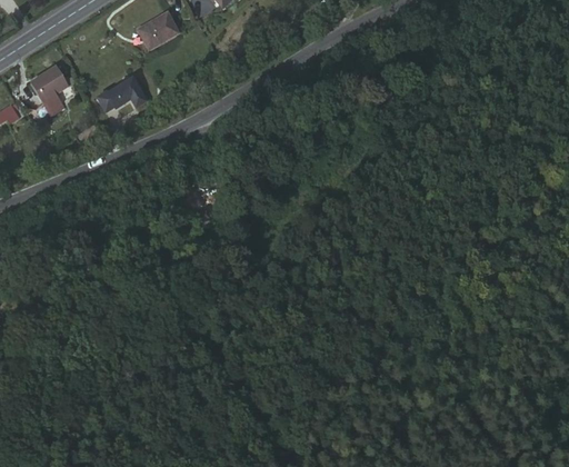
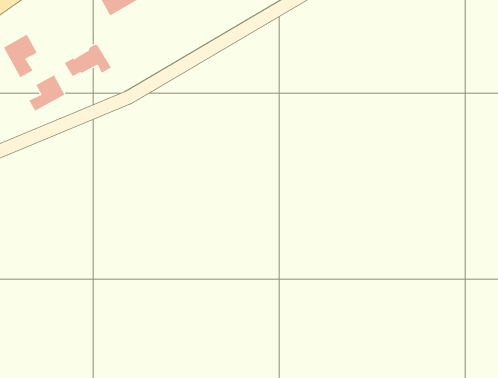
building: none -> [28,74,65,112]

